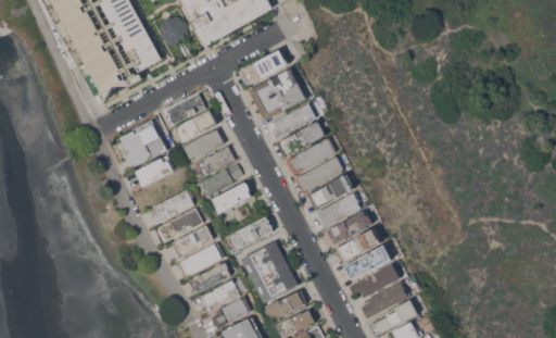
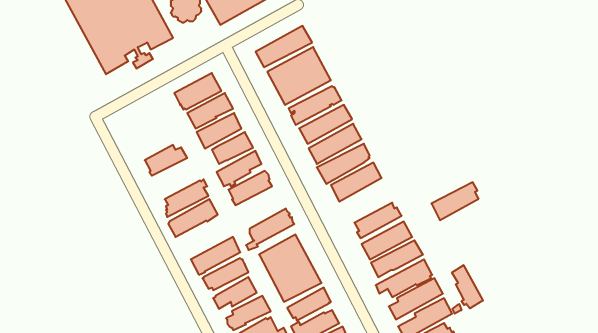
building: [121,120,174,166] -> none
building: [317,193,361,228] -> [431,182,479,220]
building: [173,226,214,256] -> none
building: none -> [452,265,483,308]

